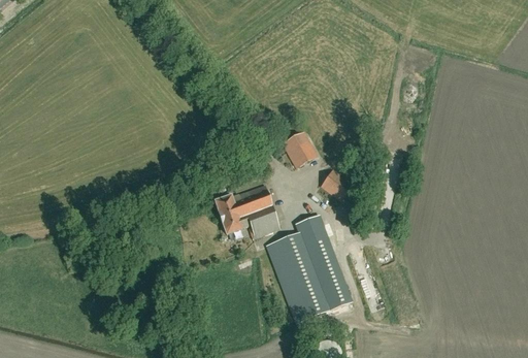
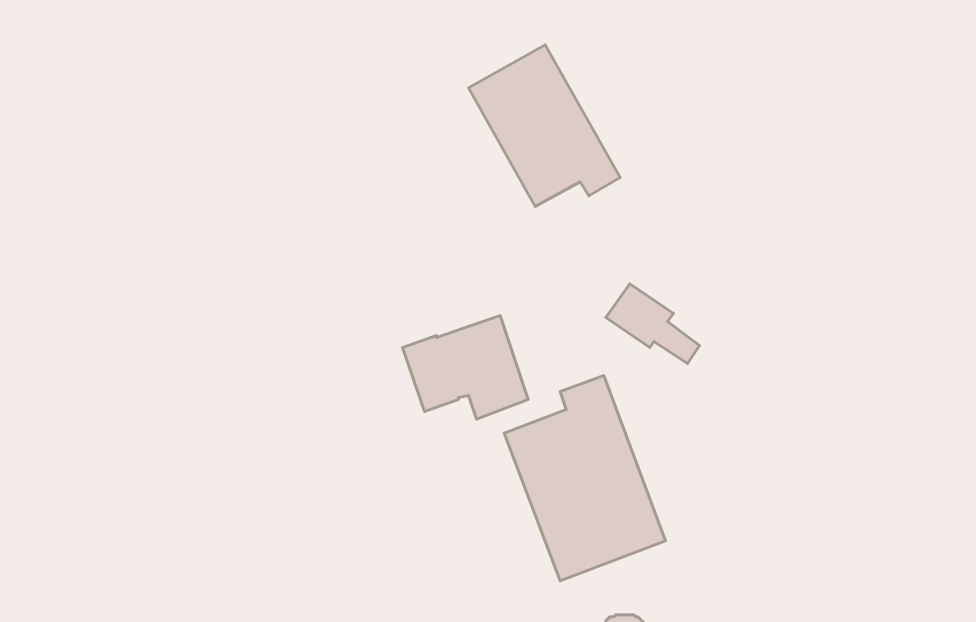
building: none -> [469,45,620,207]
building: [282,129,319,167] -> none

